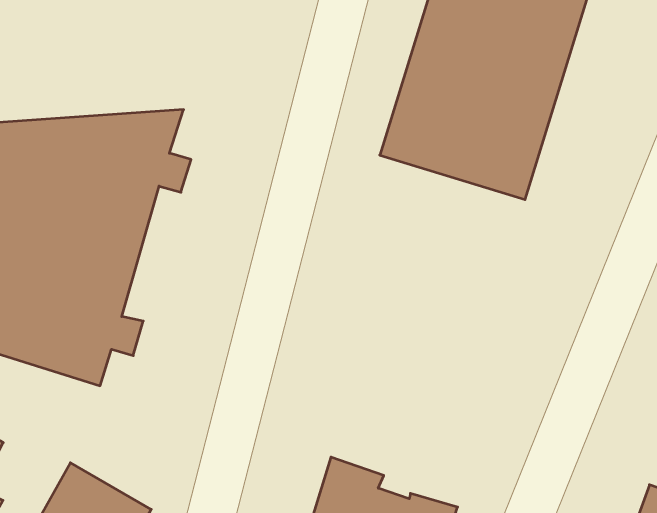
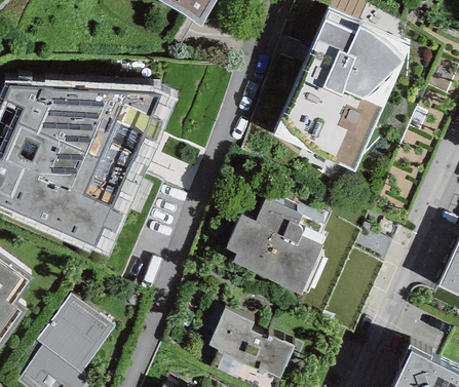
building: none -> [224,197,326,291]

